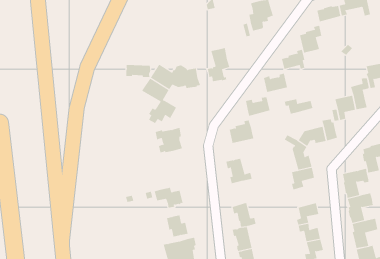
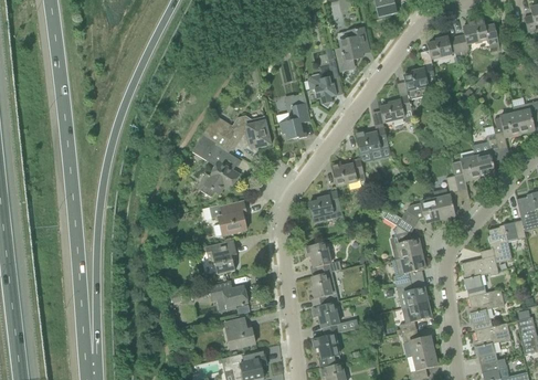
building: none -> [307,74,336,108]
building: [126,64,151,78] -> none
building: [284,98,313,115] -> none
building: none -> [204,240,236,274]
building: none -> [310,272,338,307]
building: none -> [394,281,426,308]

